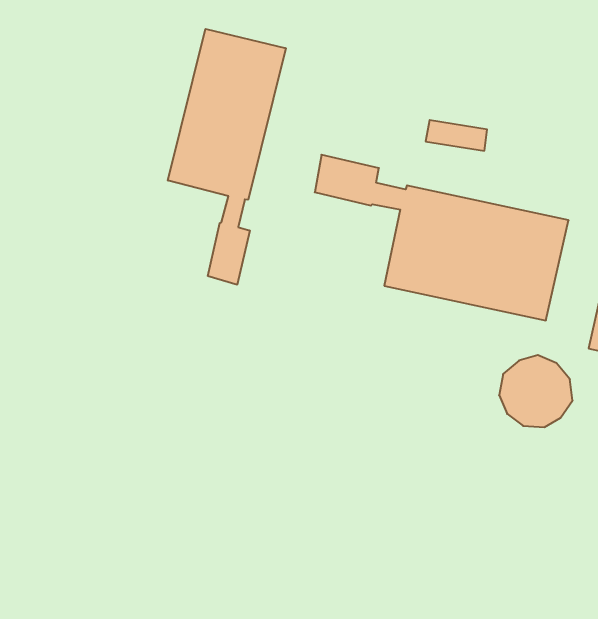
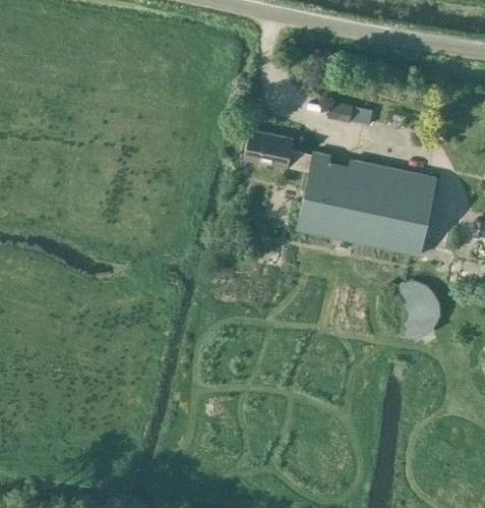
building: [168,29,286,285] -> none

